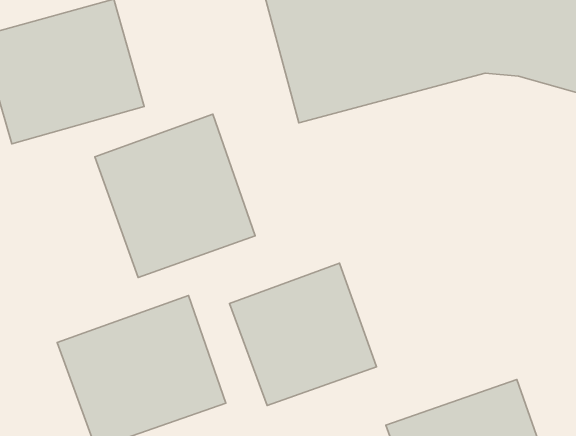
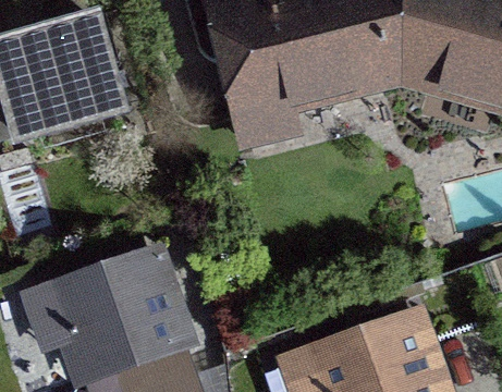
building: [95,114,255,278] -> none
building: [230,263,376,405] -> none

